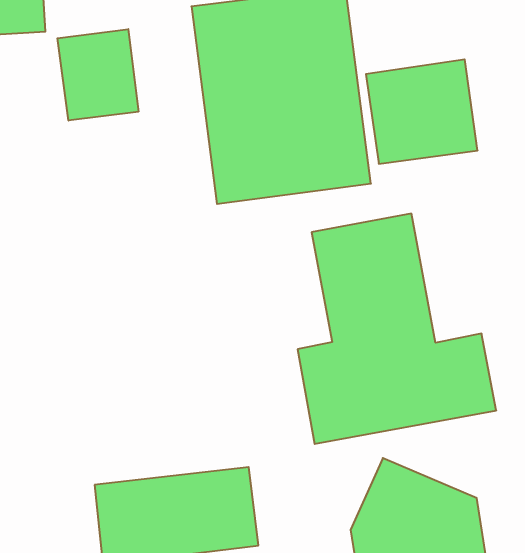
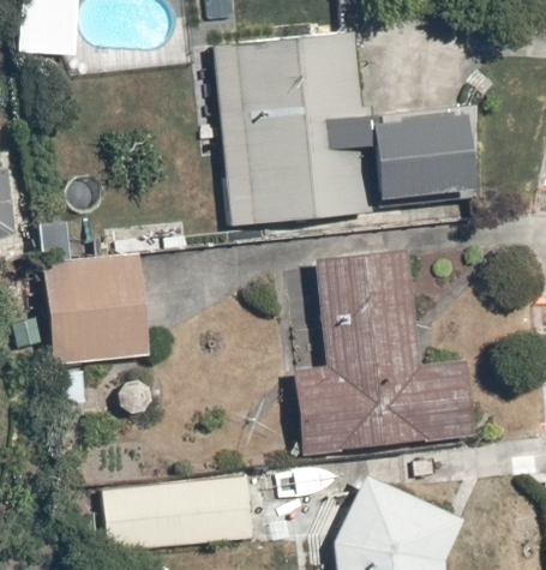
building: [57,29,138,121] -> none
building: none -> [43,258,149,362]

